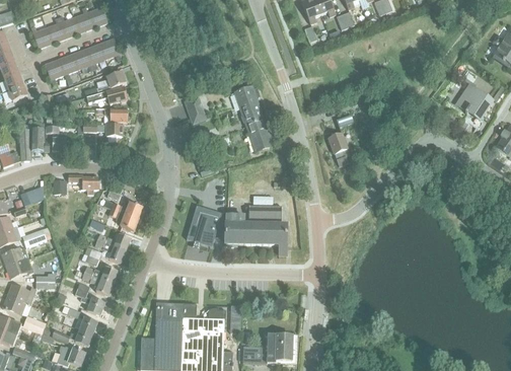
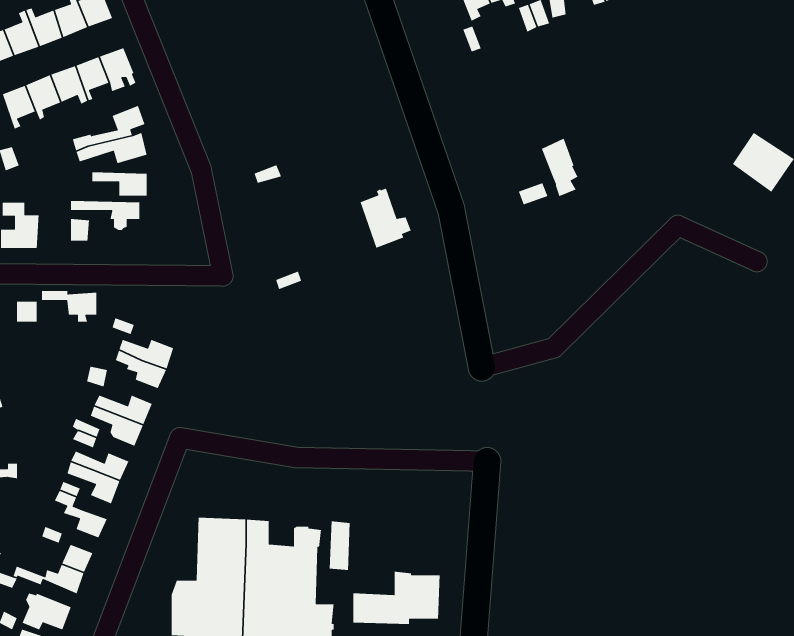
building: [234,85,262,125] -> none
building: [327,132,349,165] -> [541,138,579,197]
building: [225,204,286,254] -> none
building: [186,205,221,245] -> none

